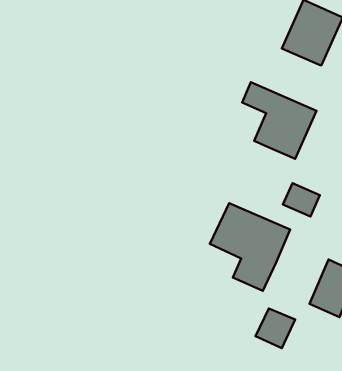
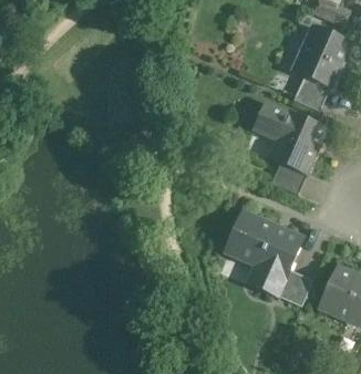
building: none -> [292,75,329,110]
building: [283,183,320,217] -> [271,162,306,193]
building: [256,309,295,348] -> [276,269,312,305]

